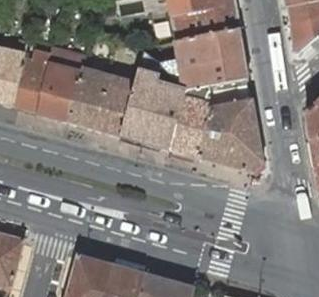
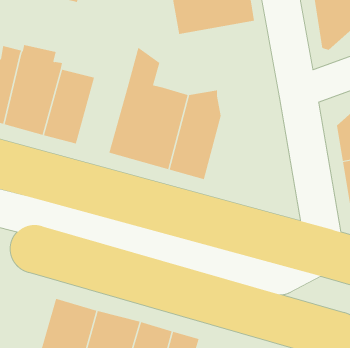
building: [162,28,248,88] -> none
building: [94,74,135,135] -> none
building: [198,97,263,172] -> none

